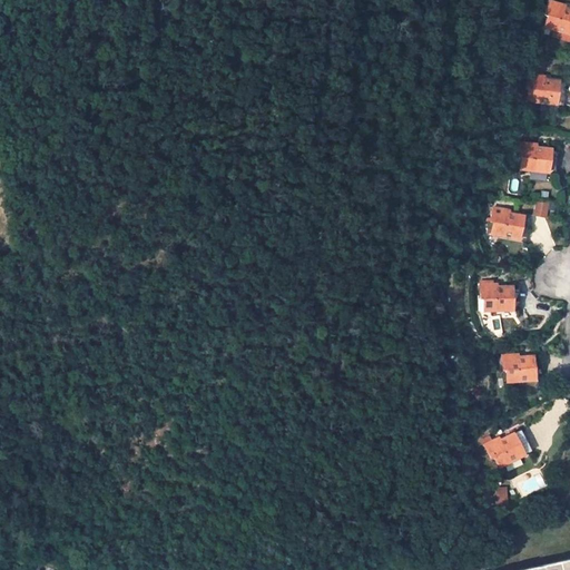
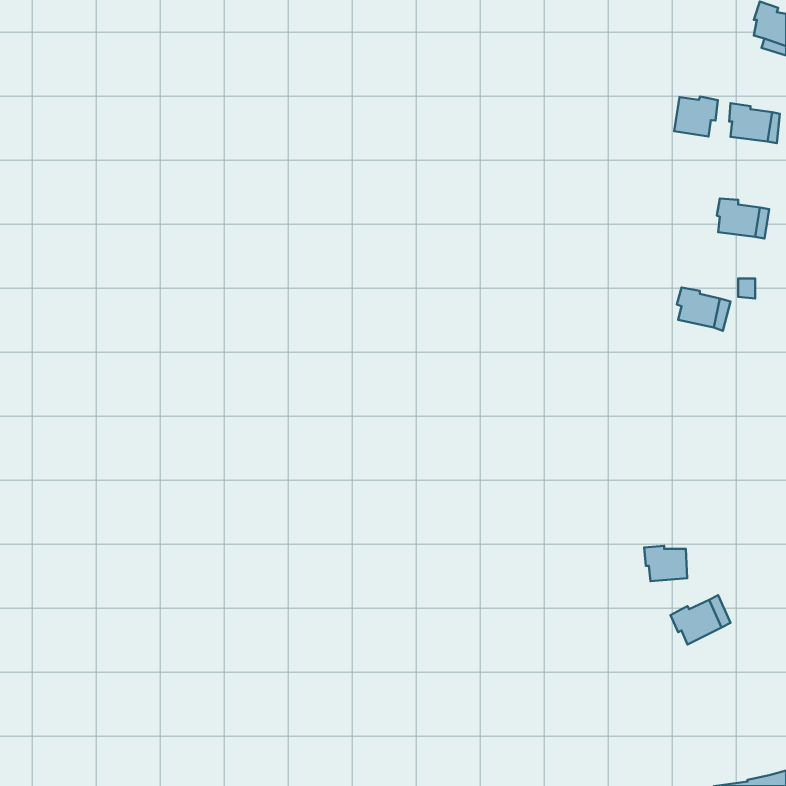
building: none -> [674,96,718,137]
building: [481,285,518,308] -> none
building: [502,355,533,381] -> [644,546,687,581]

